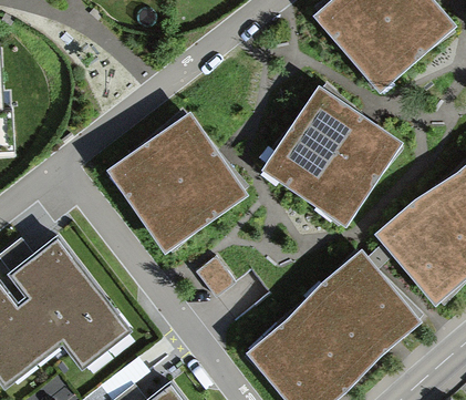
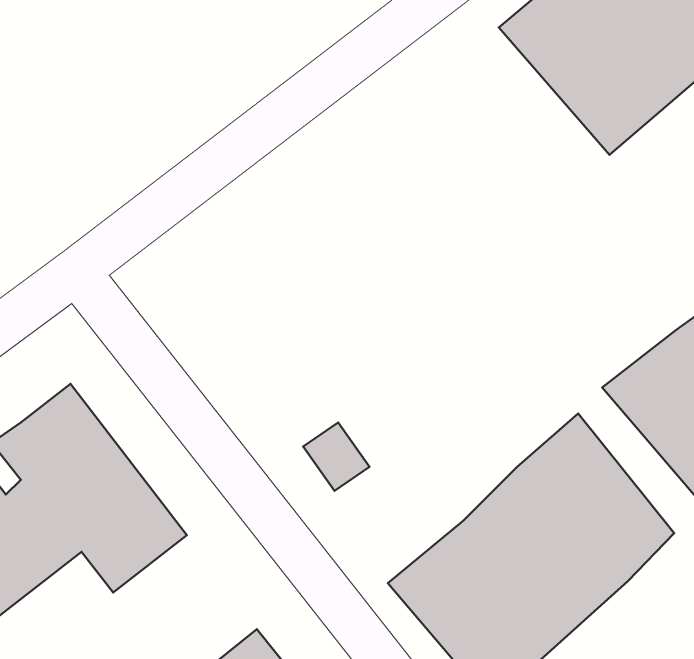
building: [261,88,400,226] -> none
building: [107,114,244,252] -> none

